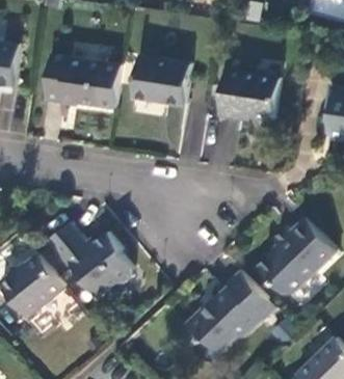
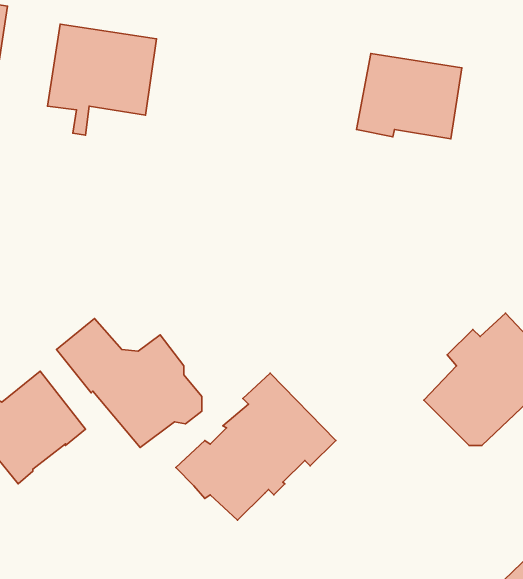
building: [132,54,190,105] -> none
building: [185,270,276,354] -> [176,373,336,520]

